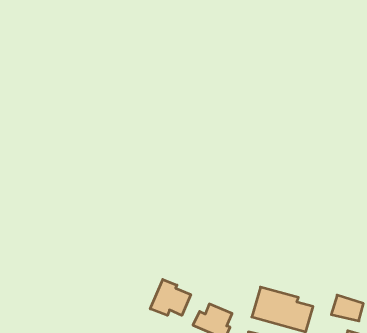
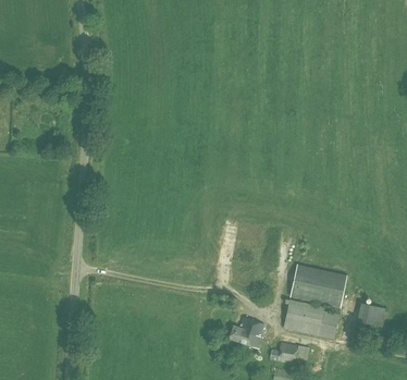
building: none -> [291,266,347,307]
building: [150,279,191,315] -> none

